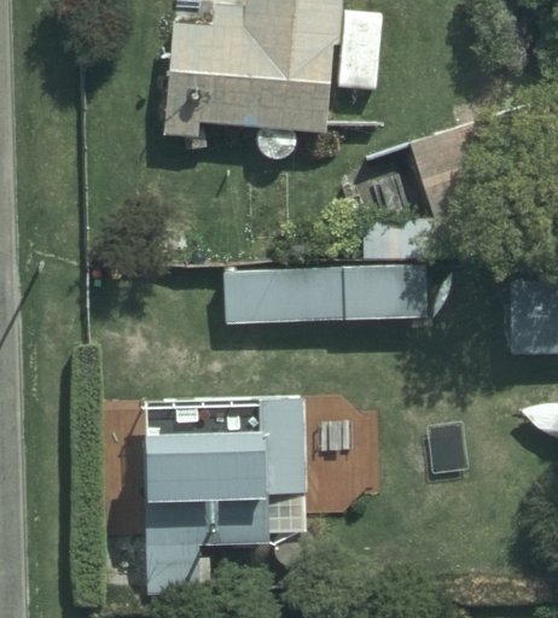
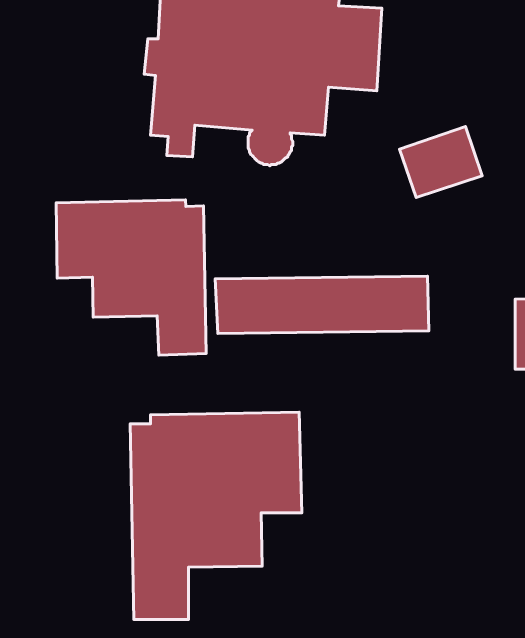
building: none -> [56,200,206,355]

